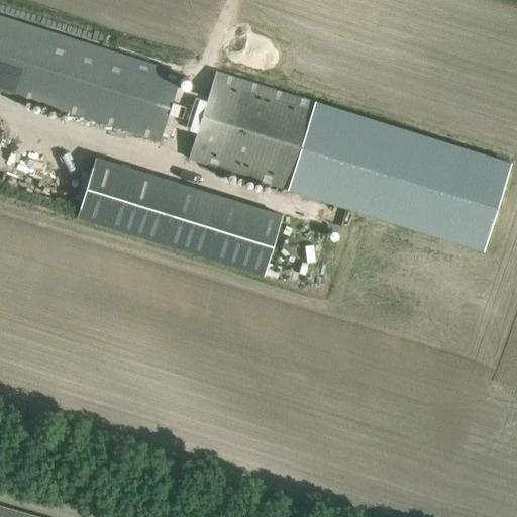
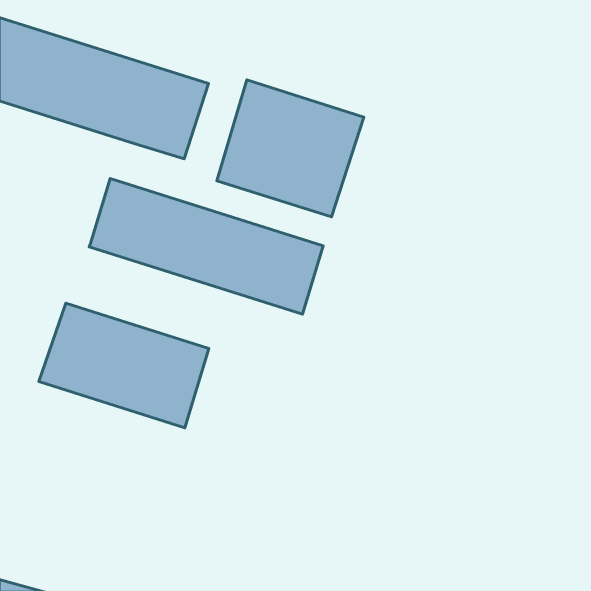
building: [290,103,510,250] -> none
building: none -> [39,303,209,428]

